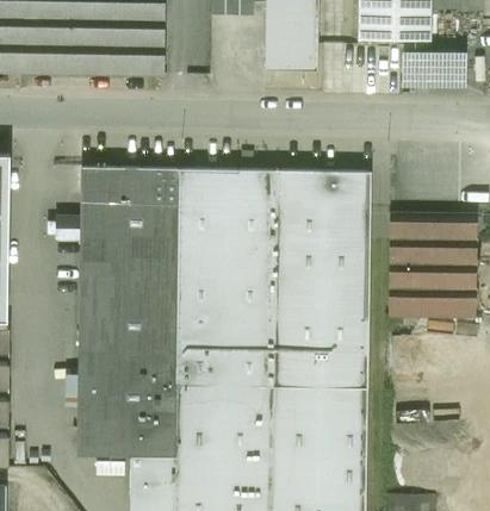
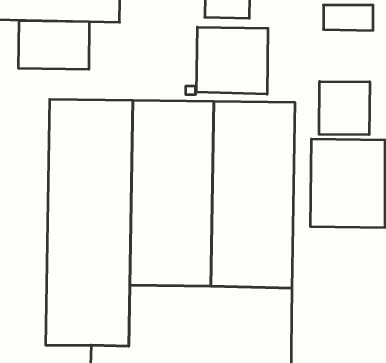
building: none -> [19,21,89,69]
building: none -> [197,27,268,94]
building: none -> [319,81,370,135]

